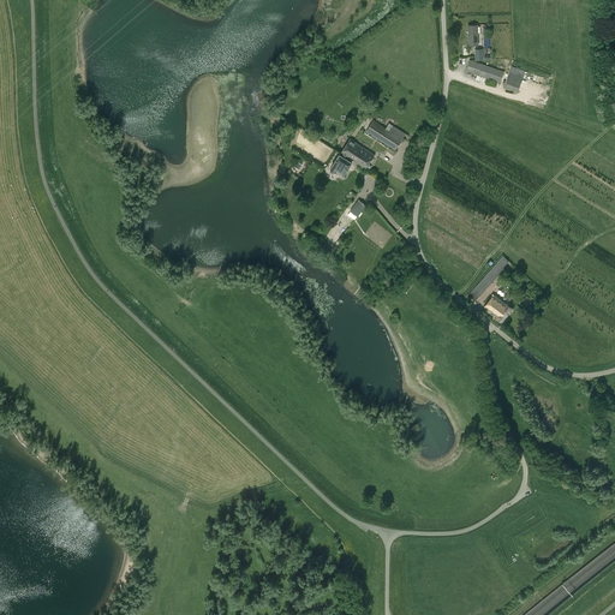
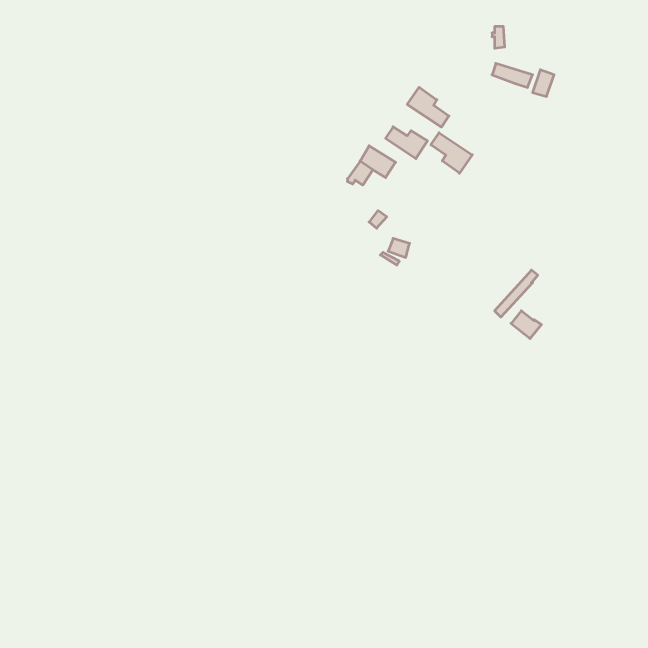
building: none -> [407,87,449,127]
building: none -> [431,133,472,173]

